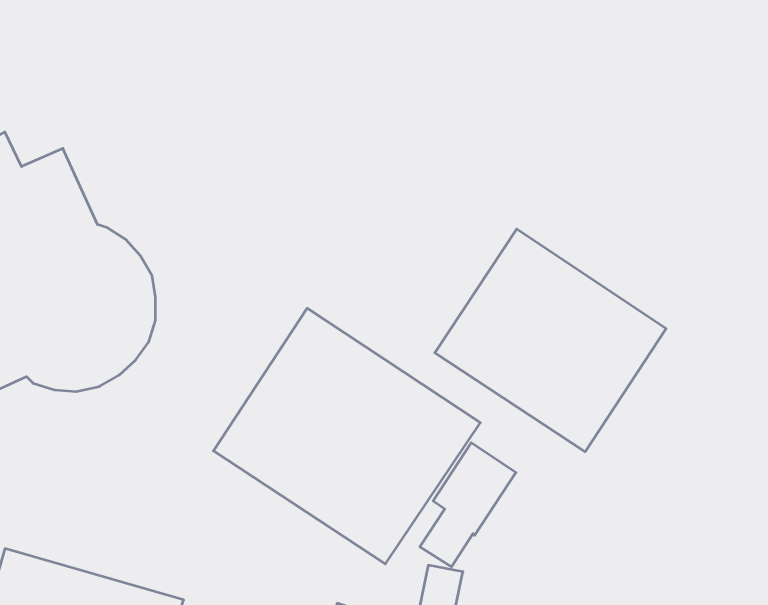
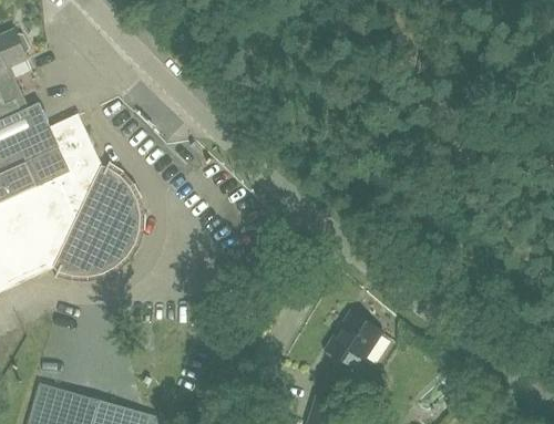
building: [435,229,666,452] -> none
building: [213,308,480,564] -> none

